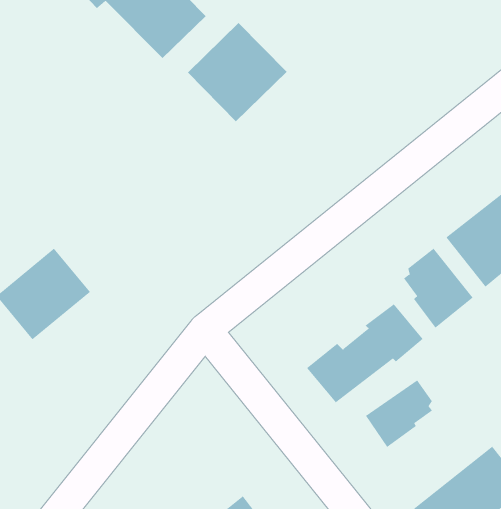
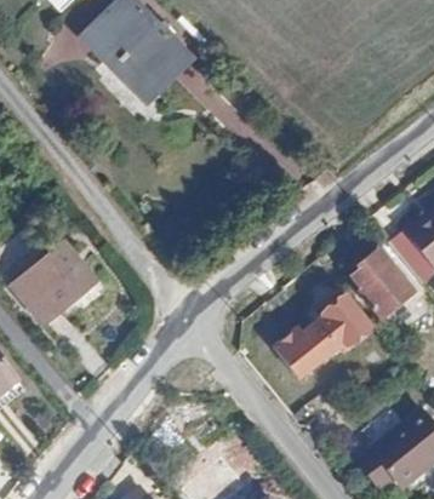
building: [187,22,288,122] -> none
building: [365,379,433,448] -> none

